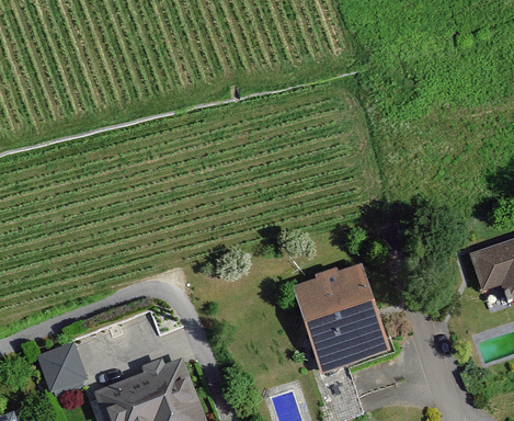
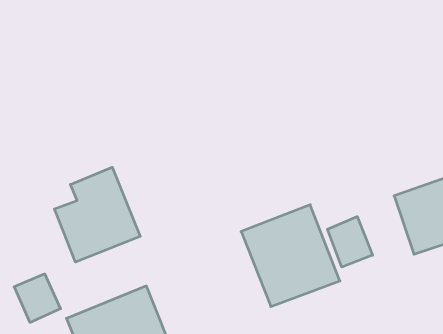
building: none -> [54,167,140,262]
building: none -> [327,217,373,267]

